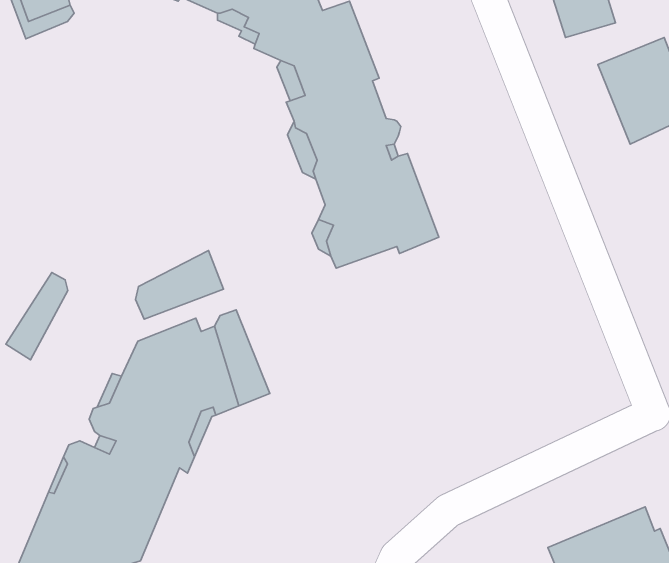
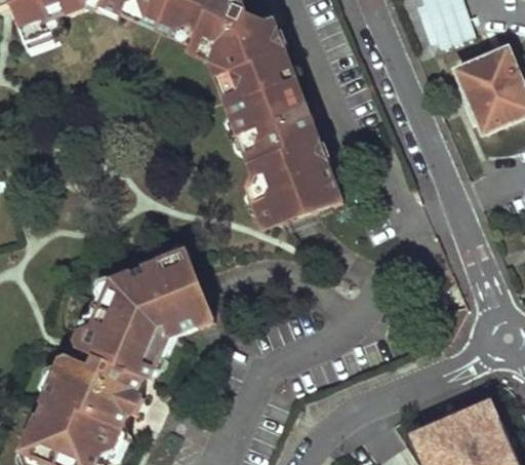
building: [136,251,224,319] -> none
building: [6,273,68,360] -> none

